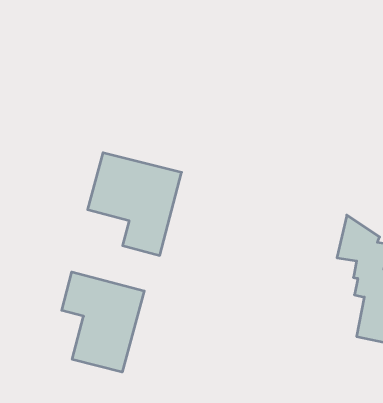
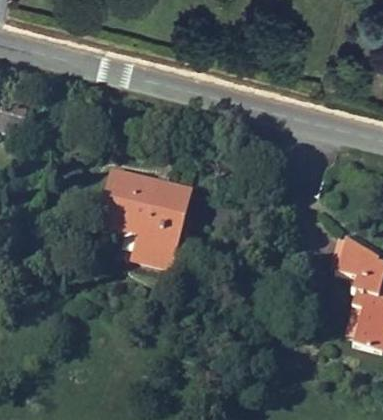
building: [62,272,144,372] -> none

